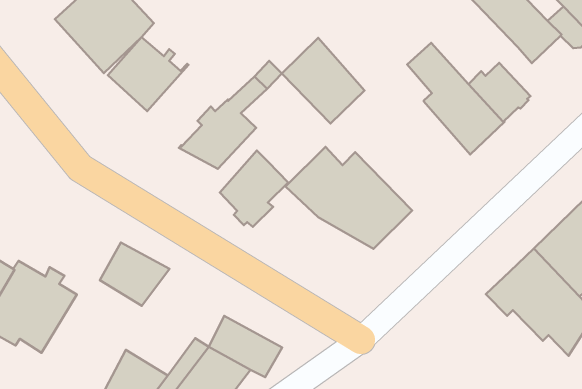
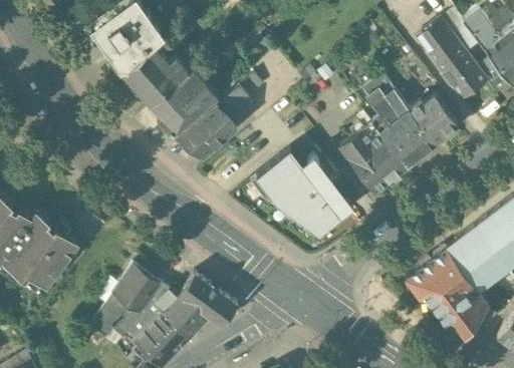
building: [282,38,365,123] -> [340,122,405,192]
building: [220,151,288,227] -> [153,75,208,135]
building: [100,243,169,306] -> [113,265,170,317]

